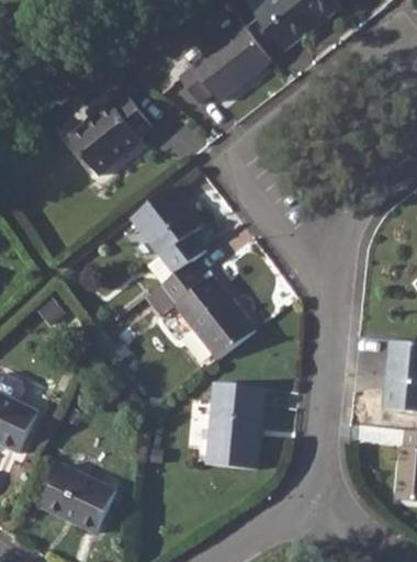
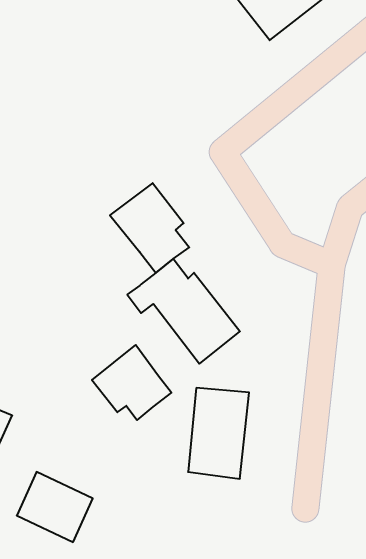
building: [179,27,270,103] -> none
building: [68,95,150,173] -> none
building: none -> [92,345,171,420]

